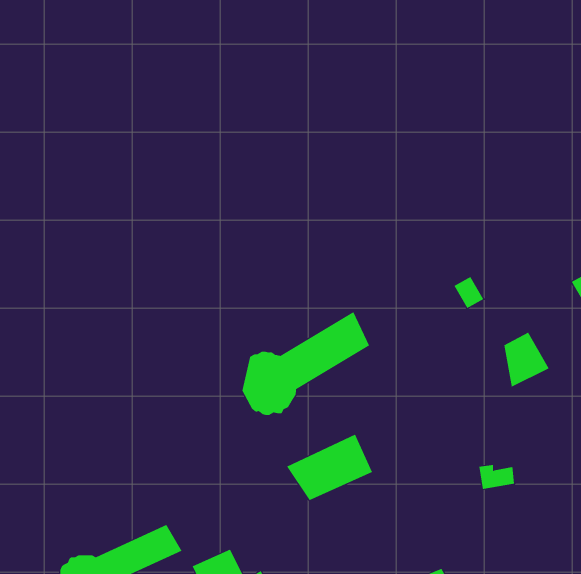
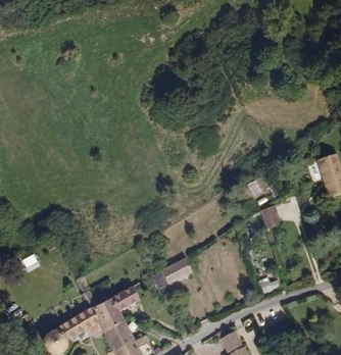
building: [242,311,370,416] -> none
building: none -> [91,290,141,333]

